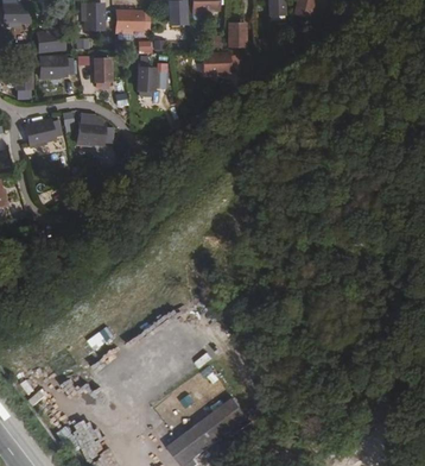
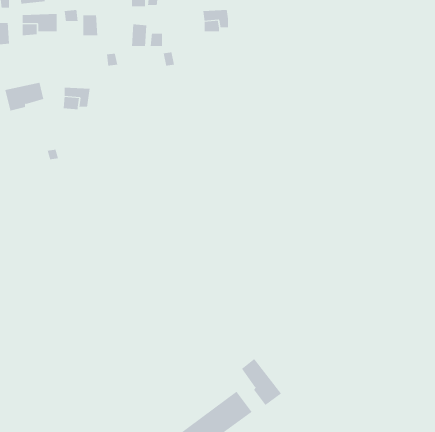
building: none -> [241,358,282,406]

